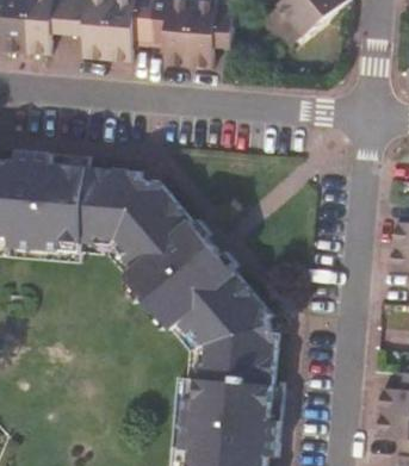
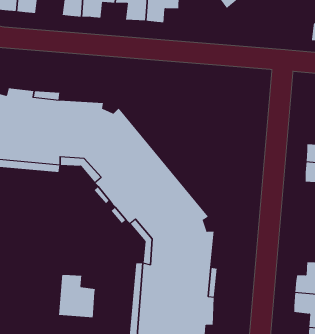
building: none -> [58,274,96,318]

